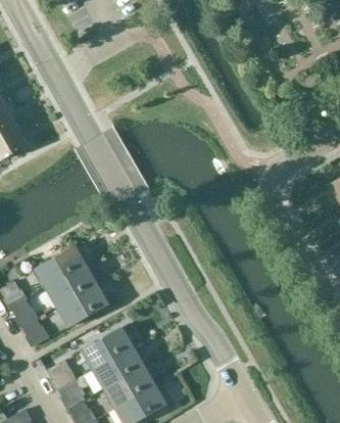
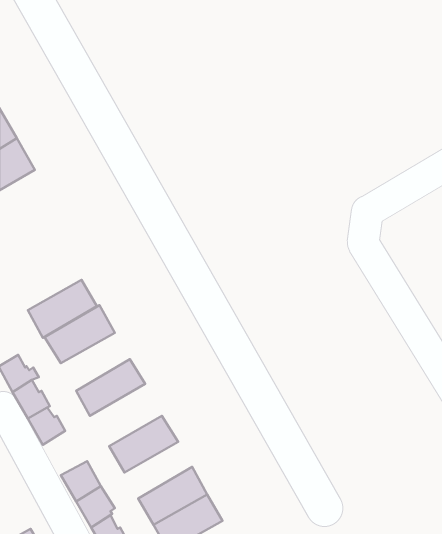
building: [46,265,97,308] -> [28,280,97,338]
building: [93,345,143,387] -> none

